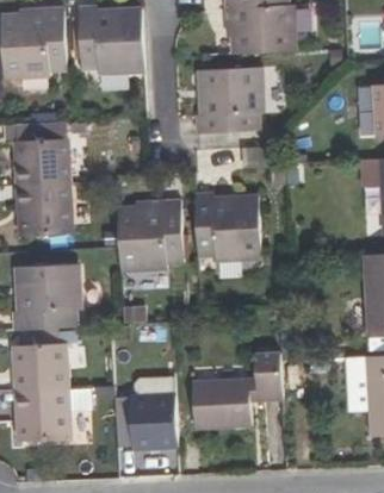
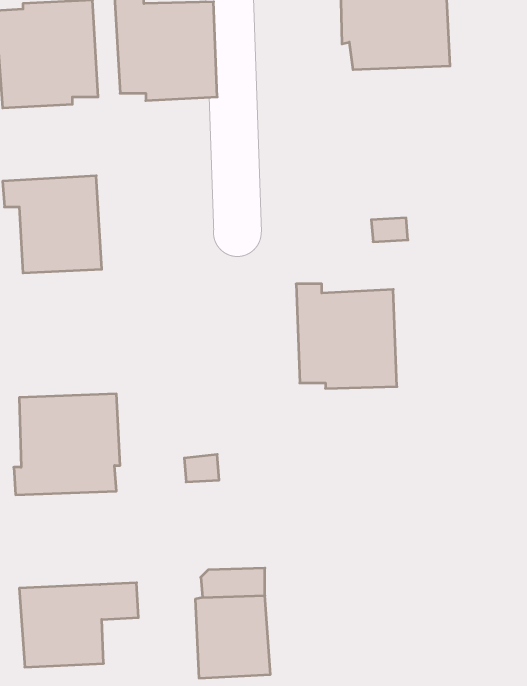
building: [196,67,265,133] -> none
building: [18,183,73,237] -> none
building: [118,199,184,272] -> none
building: [14,343,68,391] -> none
building: [192,354,284,429] -> none

